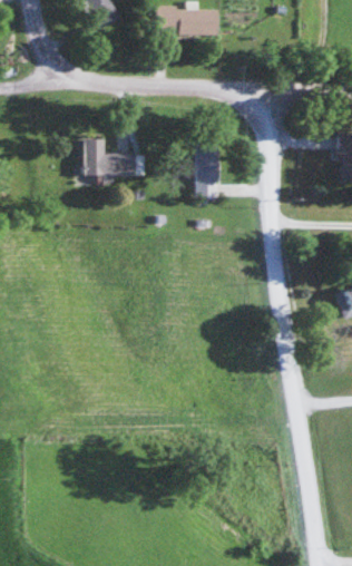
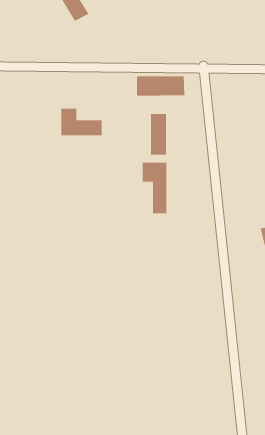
building: [156,8,218,35] -> [136,76,185,97]
building: none -> [142,162,167,214]

